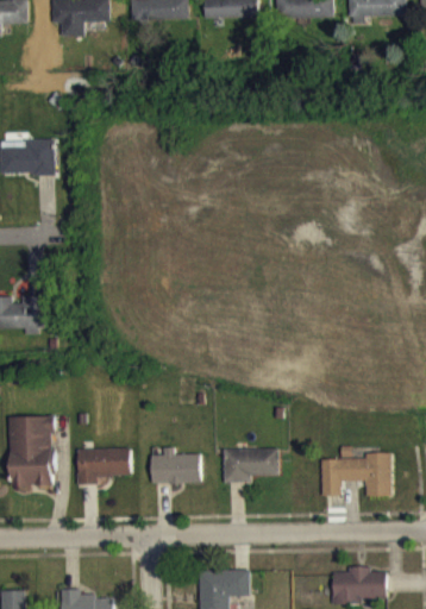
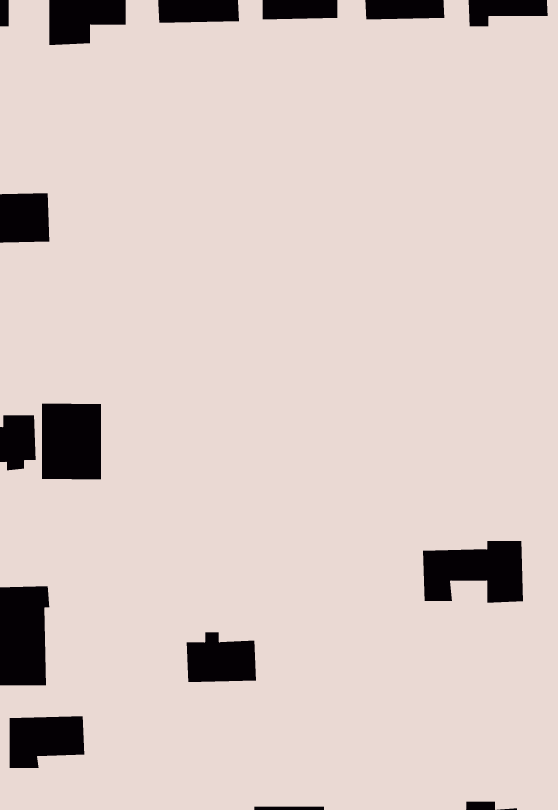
building: none -> [41,403,102,480]
building: [77,447,131,484] -> [9,716,85,769]
building: [224,448,280,482] -> none
building: [320,452,391,496] -> [422,540,524,603]

